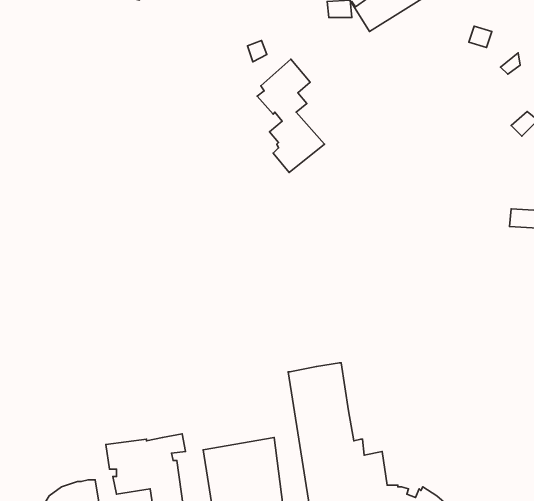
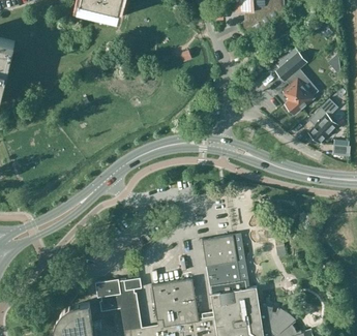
building: [257,59,324,173] -> [275,49,315,115]
building: none -> [309,99,338,142]

